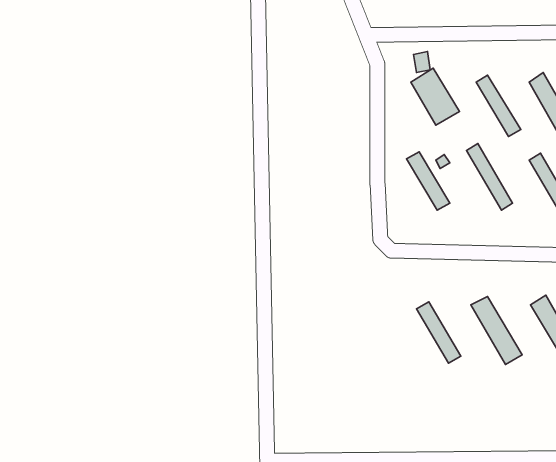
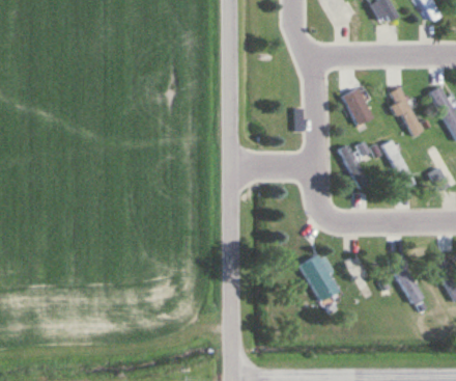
building: none -> [298,253,337,300]

